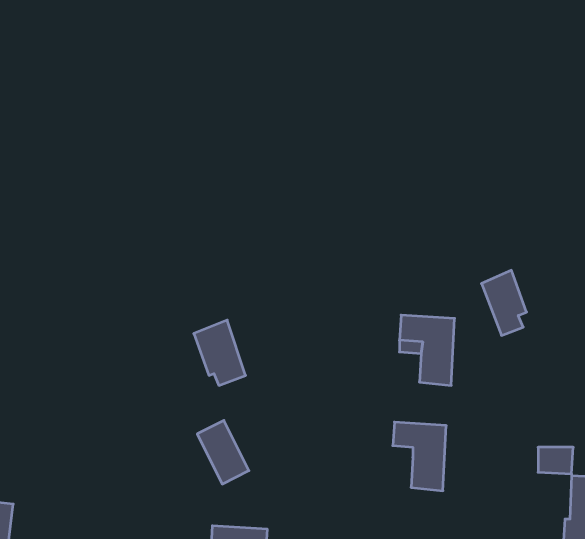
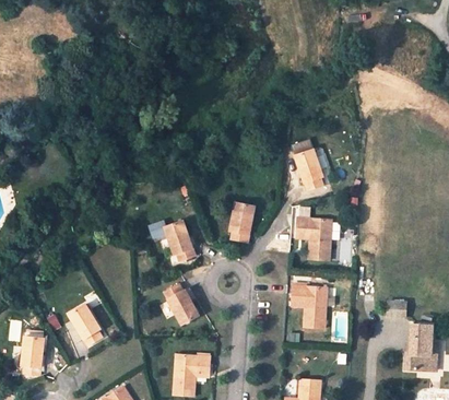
building: [481,270,527,335] -> [294,146,323,189]
building: none -> [227,199,255,239]
building: none -> [69,304,101,348]

